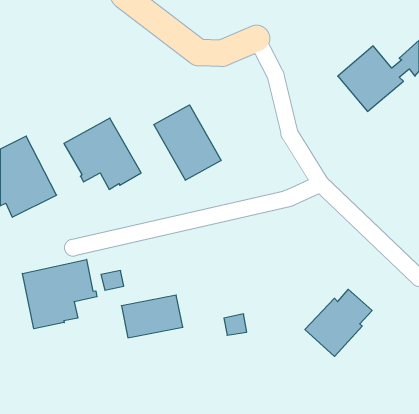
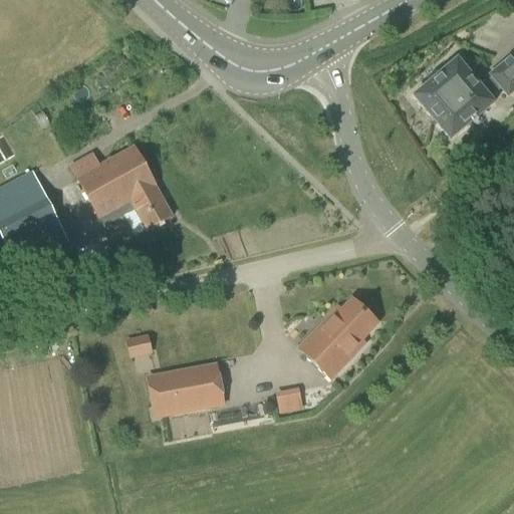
building: [154,105,221,180] -> none
building: [22,259,97,329] -> none
building: [305,289,372,356] -> [298,295,380,377]

